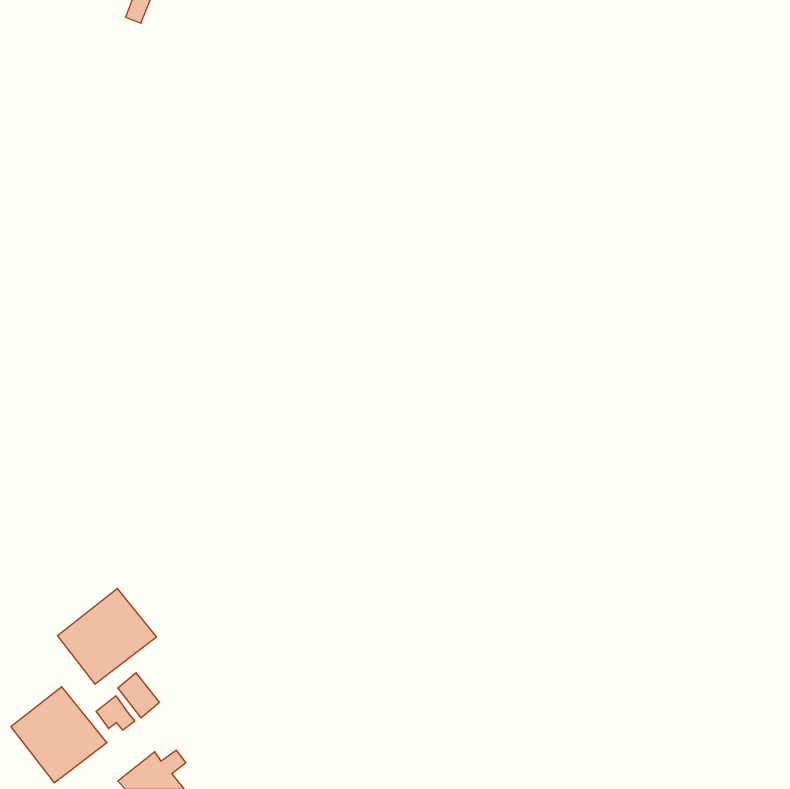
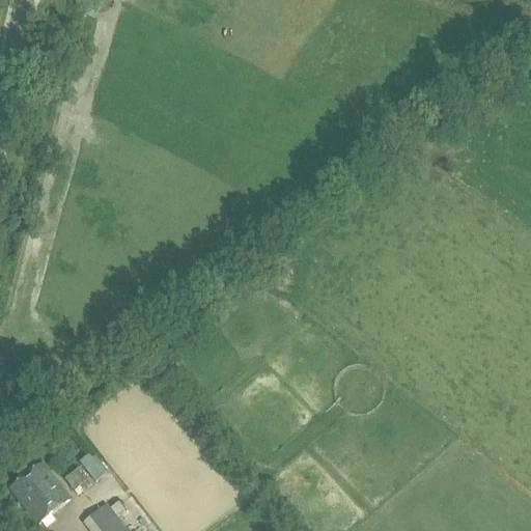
building: [57,588,156,684] -> none

